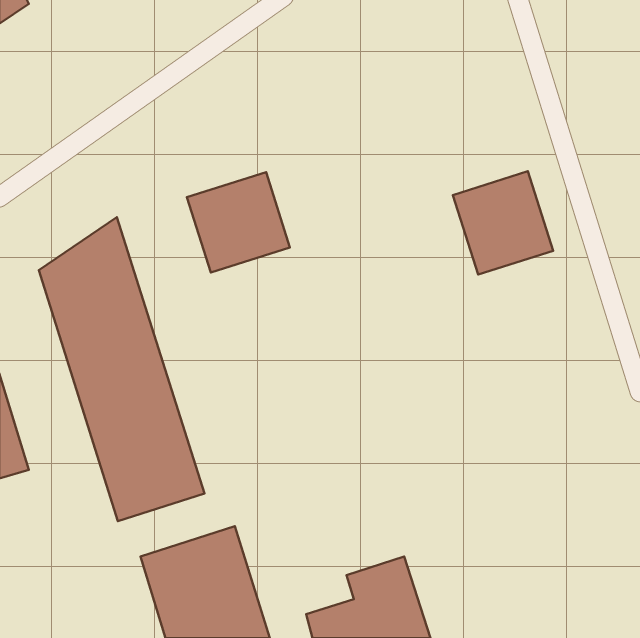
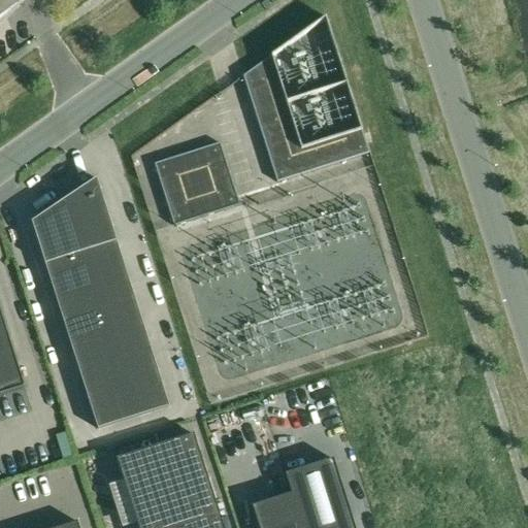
building: none -> [242,15,368,180]
building: [453,171,553,275] -> none

